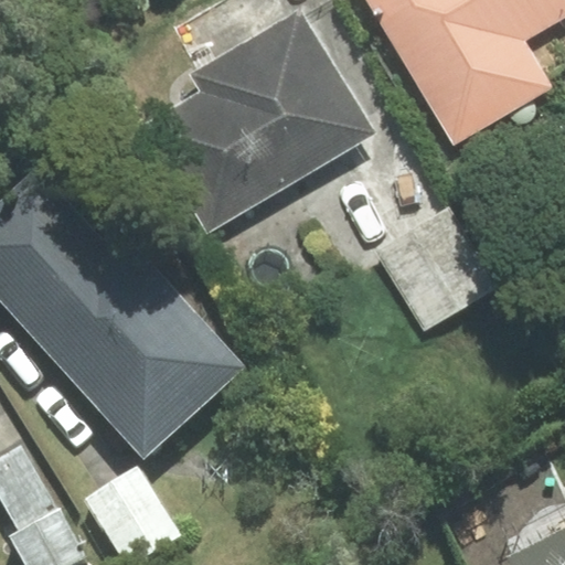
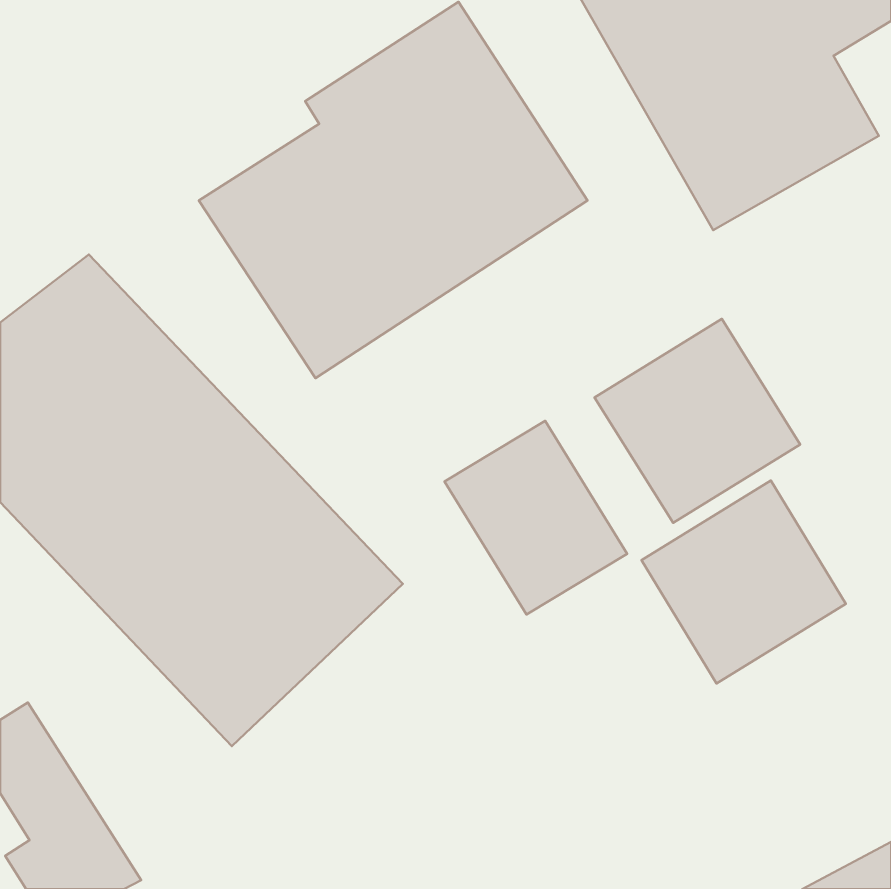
building: none -> [445,421,627,615]
building: none -> [642,481,846,683]

